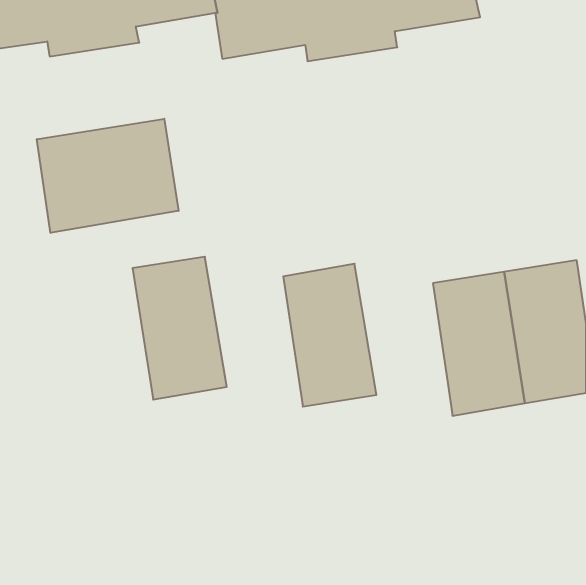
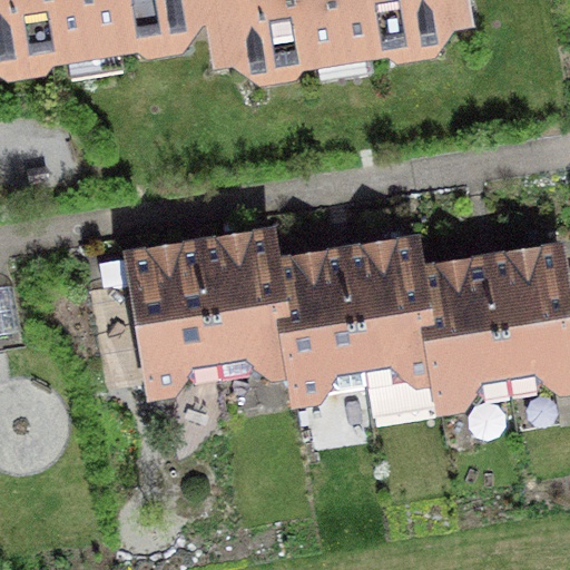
building: [37,119,179,233] -> none
building: none -> [198,237,288,374]
building: none -> [343,244,433,382]

